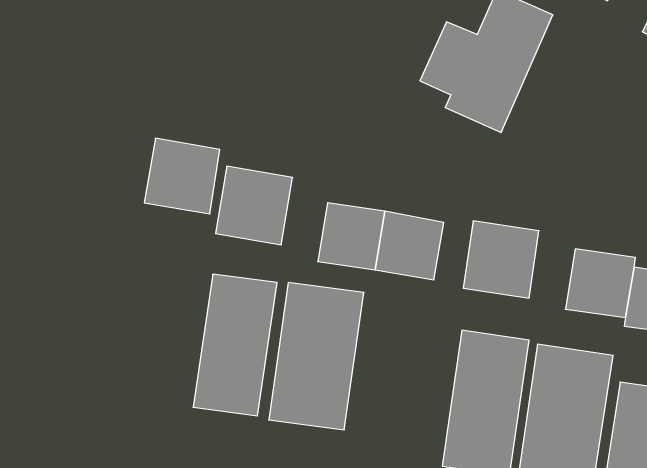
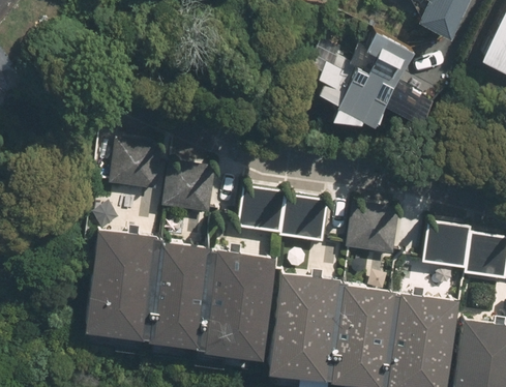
building: none -> [84,228,153,333]
building: none -> [266,269,339,378]

